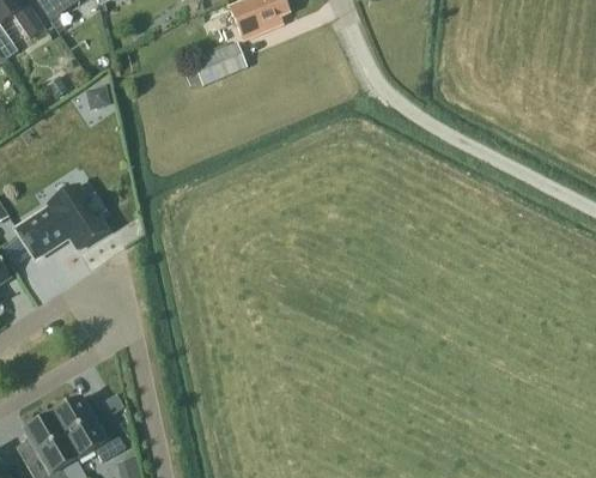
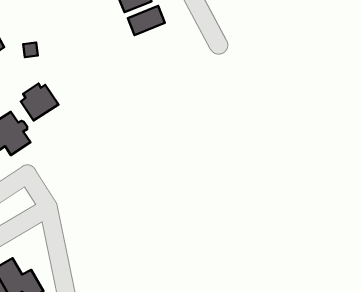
building: [191,42,245,85] -> [128,6,165,35]
building: none -> [21,84,59,121]

